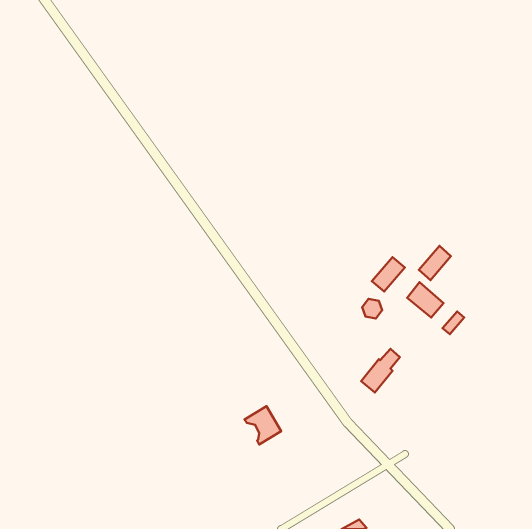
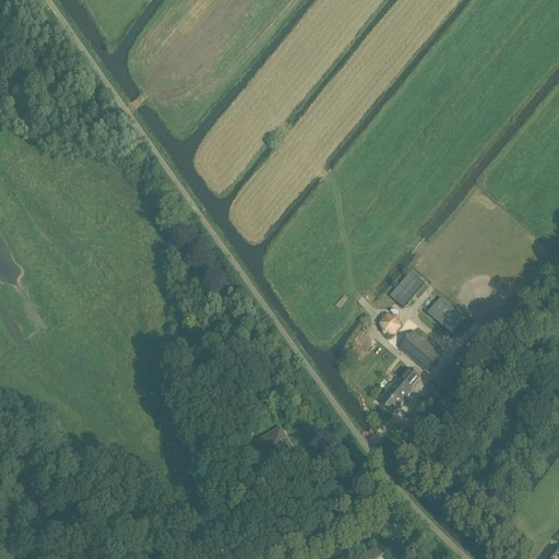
building: [419,246,451,280] -> none
building: none -> [399,329,441,369]

